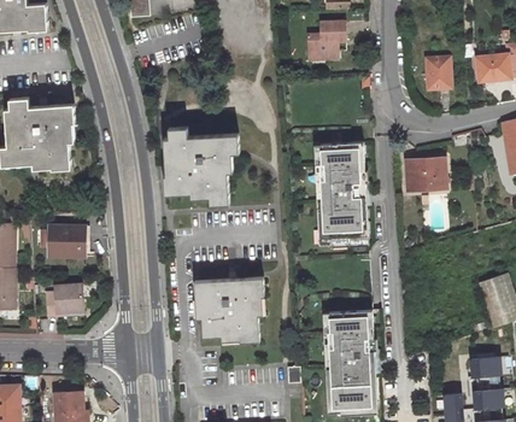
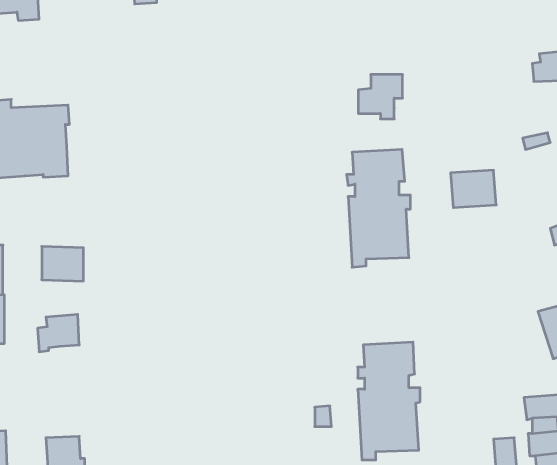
building: [309,23,347,61] -> [358,75,403,119]
building: [426,59,451,90] -> none
building: [163,125,239,205] -> none
building: [194,277,264,341] -> none

